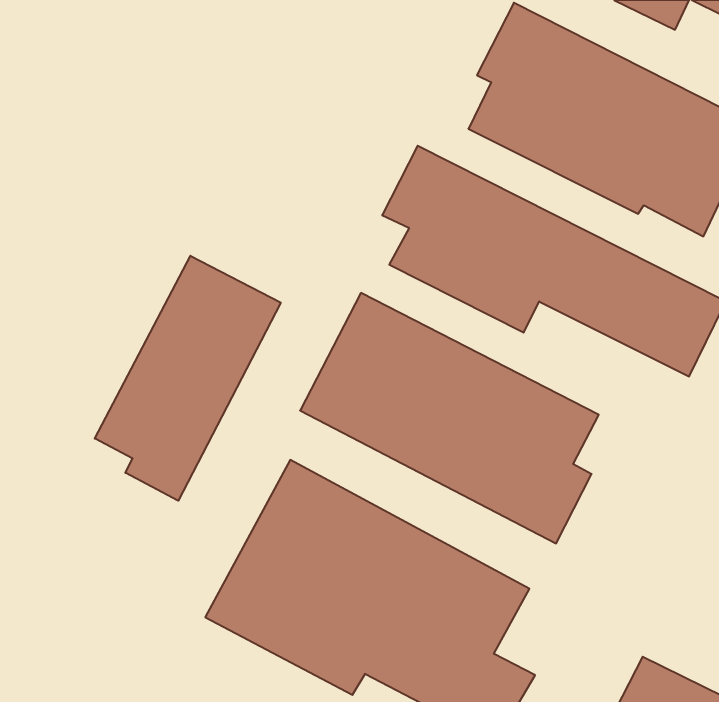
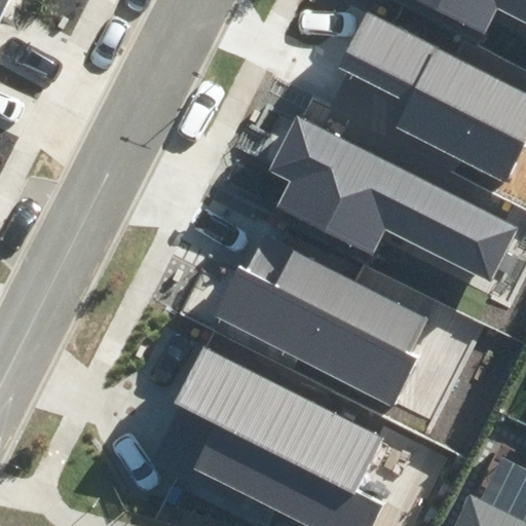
building: [95,256,281,501] -> none

